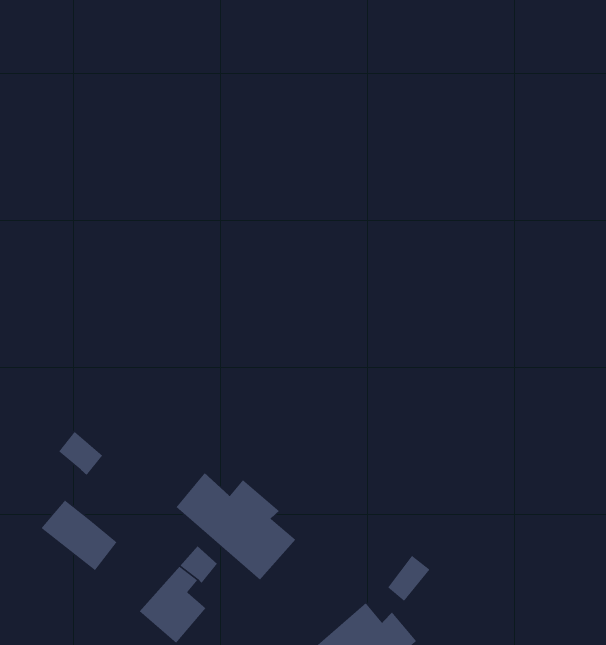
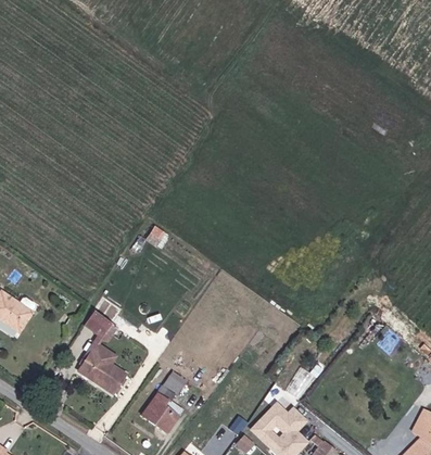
building: none -> [88,324,116,363]
building: [175,472,296,581] -> none

